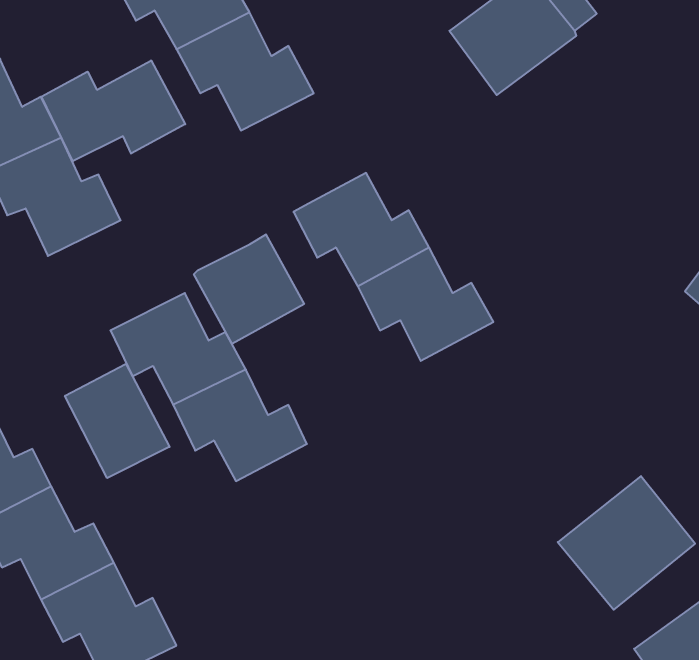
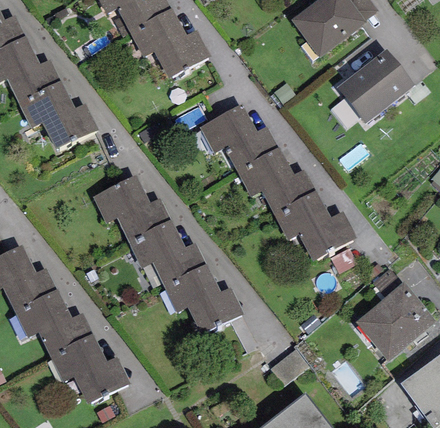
building: [41,60,185,161] -> none
building: none -> [336,48,414,124]
building: [194,234,304,344] -> none
building: none -> [274,191,355,261]
building: [65,364,170,478] -> none
building: none -> [165,263,245,334]

